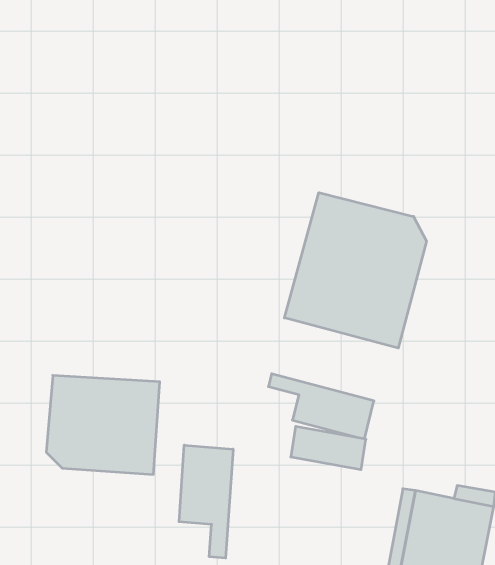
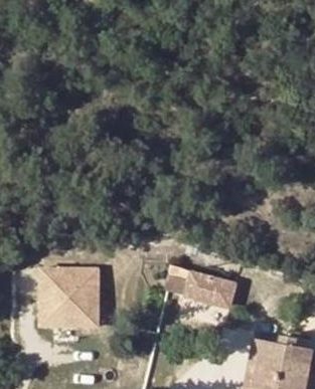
building: [284,193,426,348] -> none
building: [179,445,233,558] -> none

